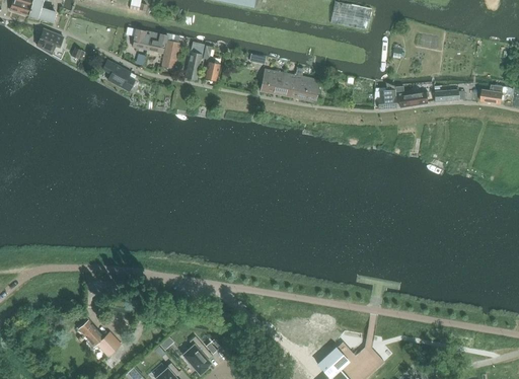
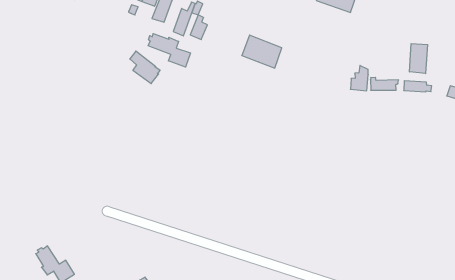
building: none -> [410,44,428,74]
building: [102,60,136,91] -> [130,51,160,84]
building: [297,77,319,102] -> none
building: none -> [148,34,191,67]

